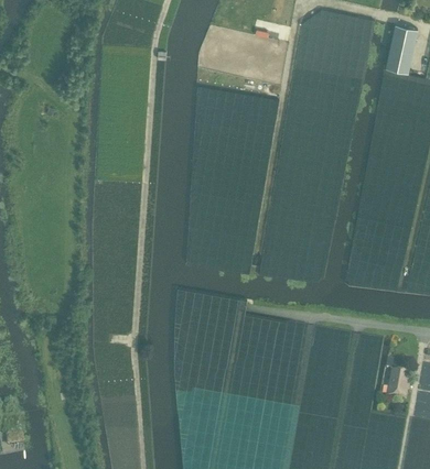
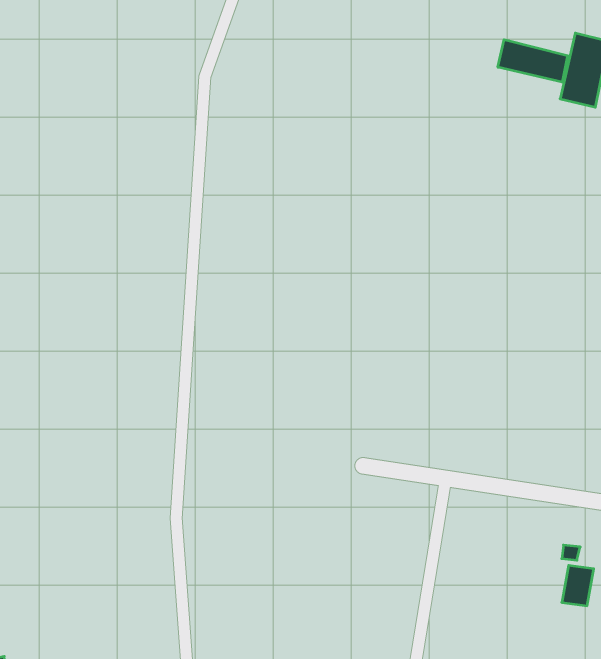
building: none -> [498,40,568,82]

